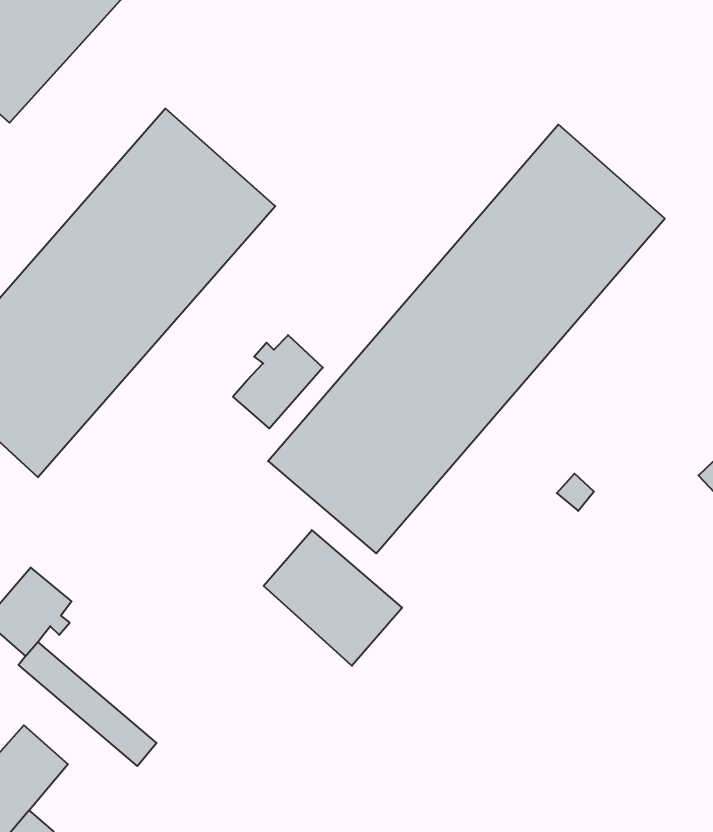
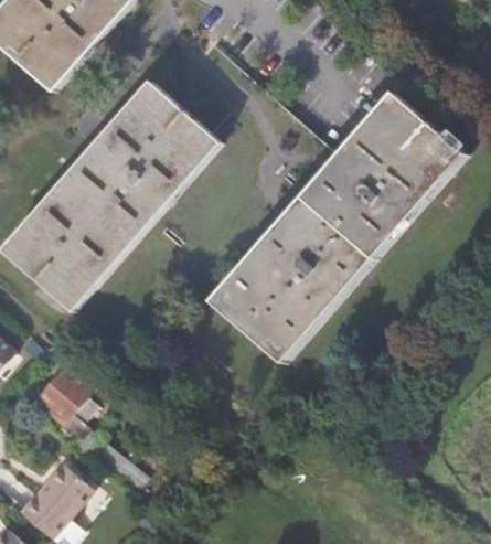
building: [233,335,323,428] -> none
building: [264,530,402,666] -> none

